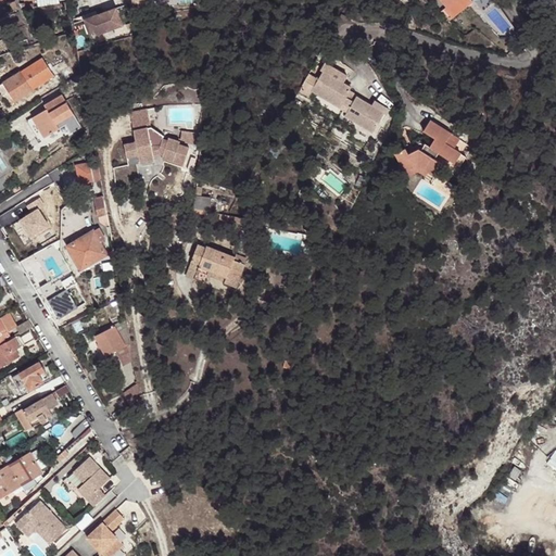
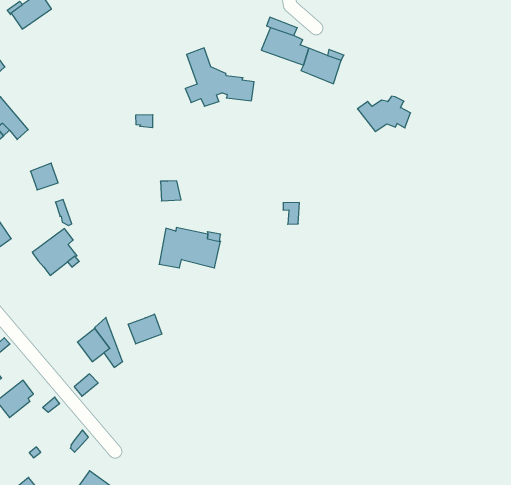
building: [126,109,191,165] -> [185,48,254,106]
building: [422,125,460,169] -> none
building: [46,285,79,316] -> none
building: none -> [128,314,162,344]
building: [14,392,58,429] -> none

